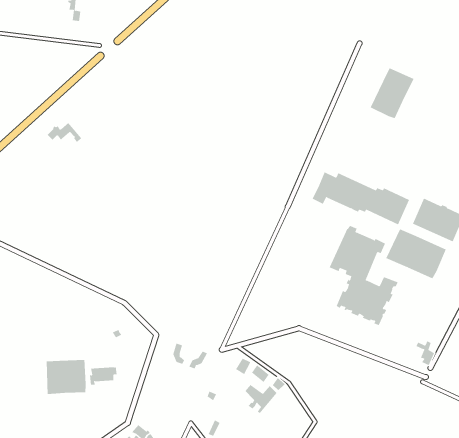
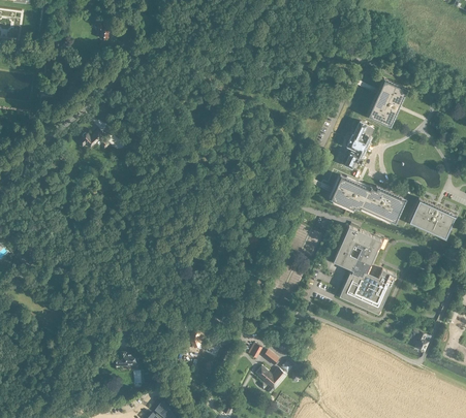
building: none -> [343,121,373,172]
building: [386,228,447,279] -> none
building: [46,359,86,395] -> none

